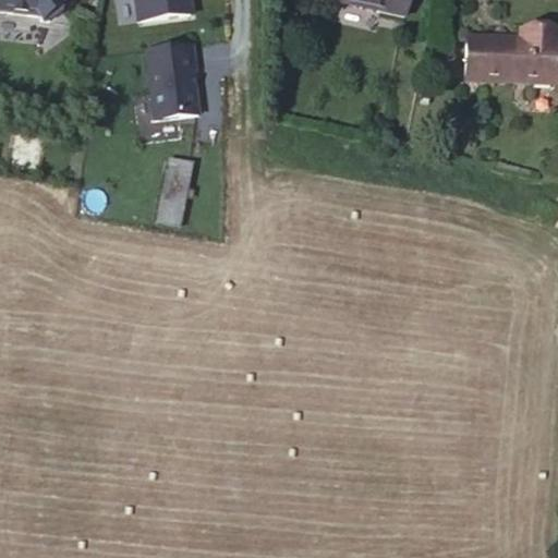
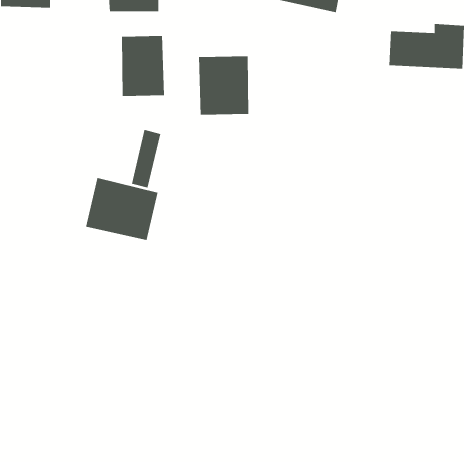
building: none -> [198,55,249,116]
building: none -> [85,177,158,241]

